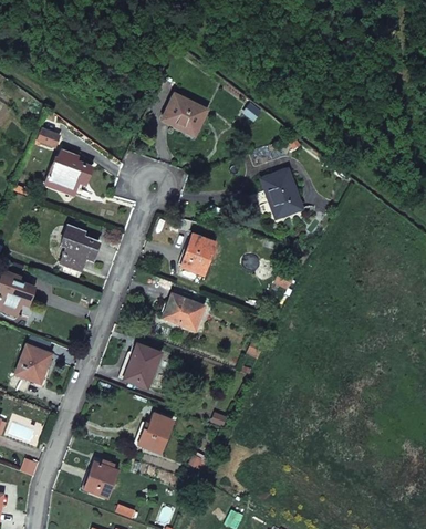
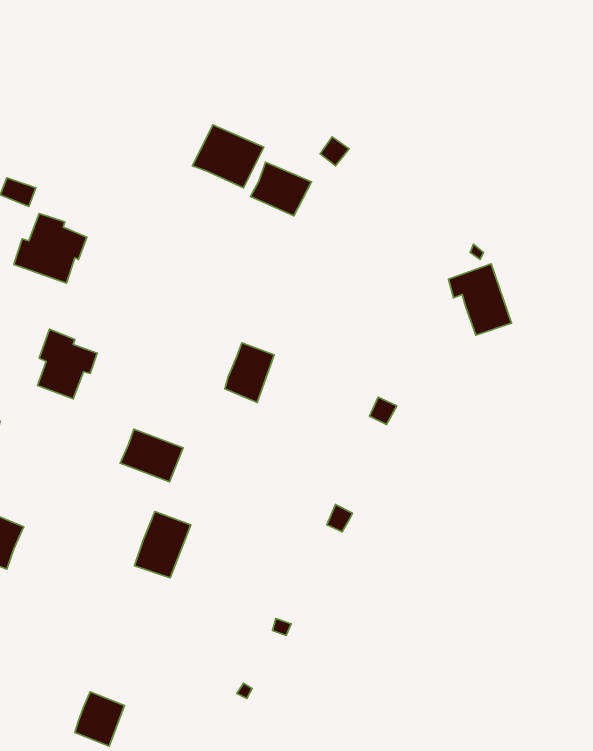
building: none -> [251,162,311,216]
building: [261,169,302,216] -> [449,264,512,335]
building: [163,294,204,329] -> [120,429,183,482]
building: [137,413,173,453] -> none

